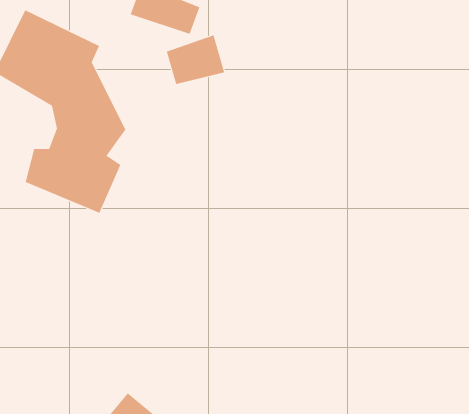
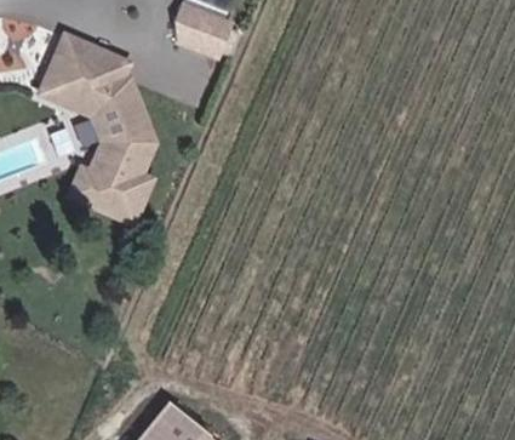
building: [166,35,225,85] -> none

